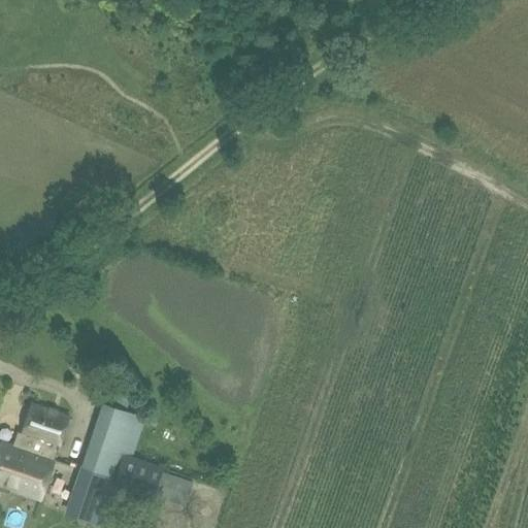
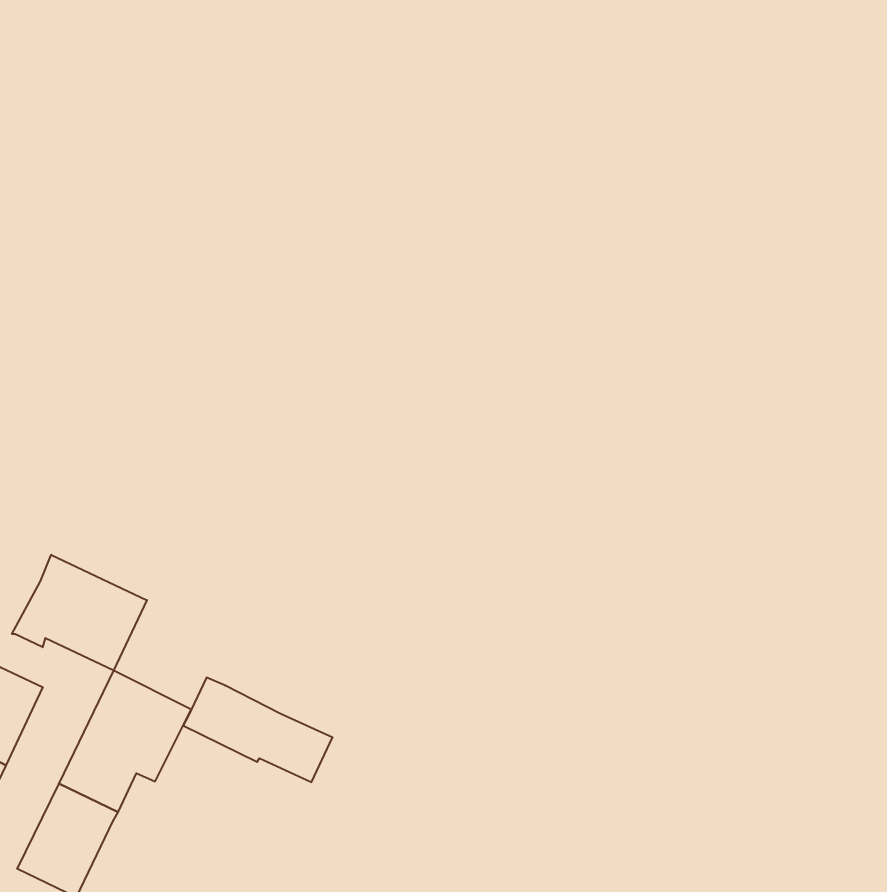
building: none -> [12,555,147,671]
building: [112,456,192,504] -> [183,677,333,782]

